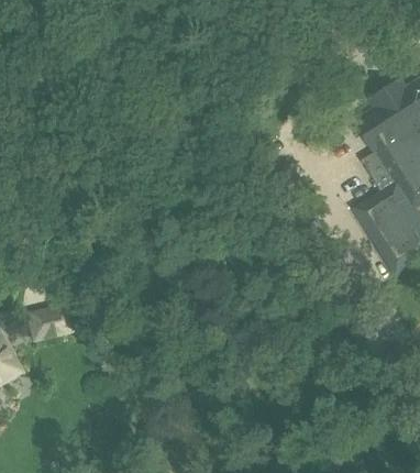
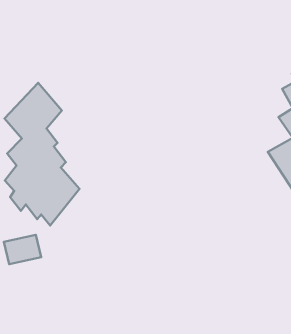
building: none -> [5,83,79,225]

